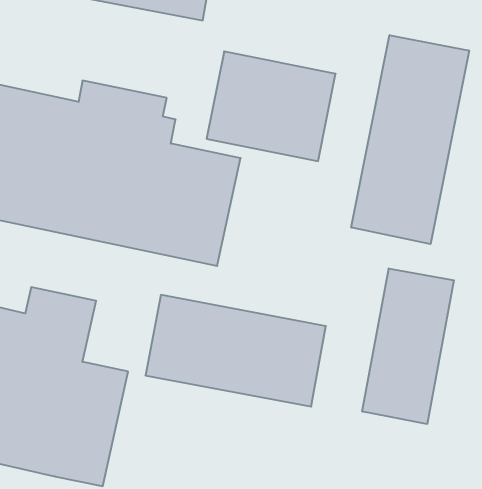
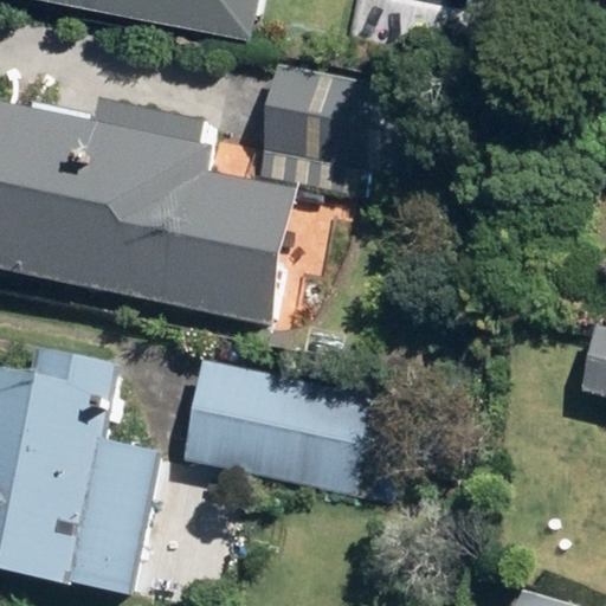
building: [351,35,469,244] -> none
building: [362,268,454,424] -> none

